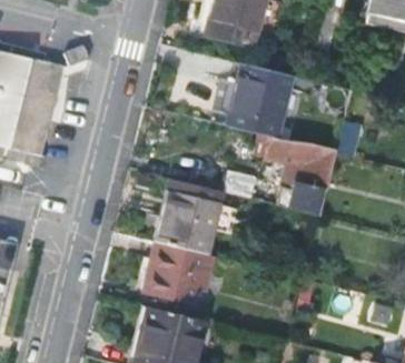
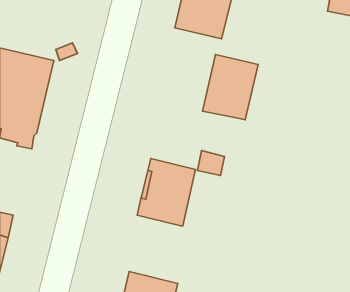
building: [269,134,337,214] -> none
building: [146,242,206,304] -> none

